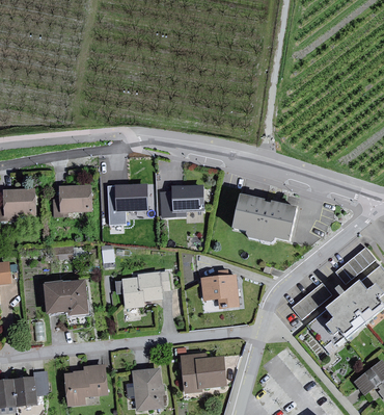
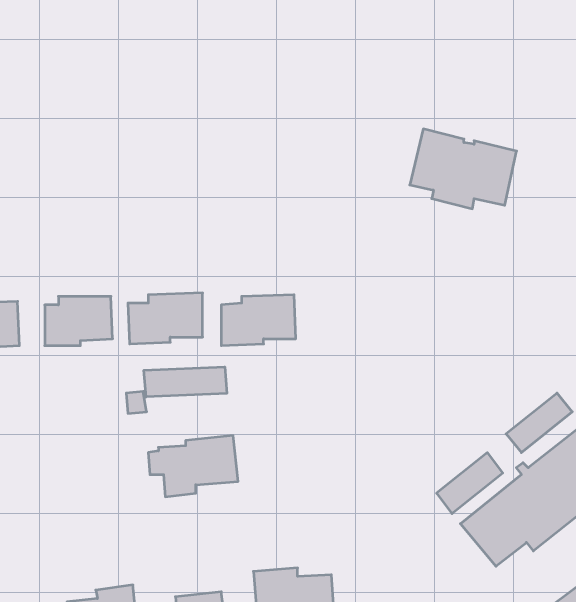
building: [230,192,296,241] -> [410,129,517,209]
building: none -> [144,367,227,397]
building: [200,275,241,308] -> none
building: [47,280,90,315] -> none

